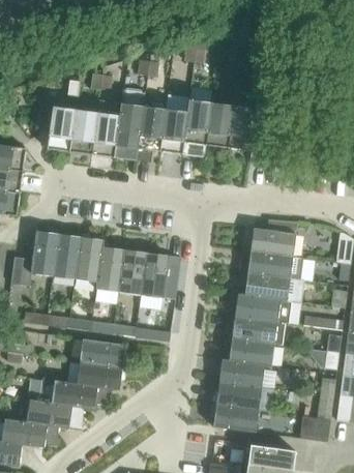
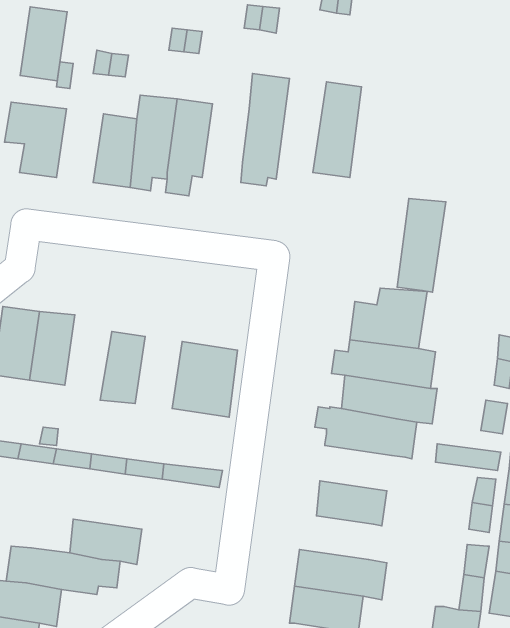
building: [205,90,235,148] -> [397,198,446,292]
building: [158,106,187,154] -> none
building: [68,109,97,154] -> [20,7,67,81]
building: [73,236,104,283] -> none
building: [117,249,146,294] -> none
building: [225,315,284,346] -> none
building: [79,338,124,368] -> none
building: [218,359,264,387] -> none

